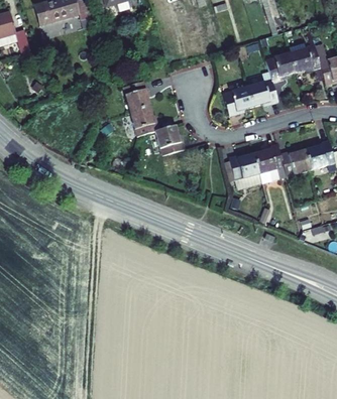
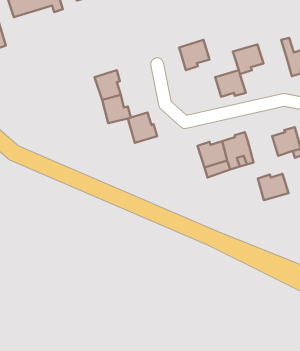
building: [291,45,321,73] -> none
building: [222,87,253,118] -> [179,40,210,70]
building: [280,147,312,174] -> [258,174,288,200]

